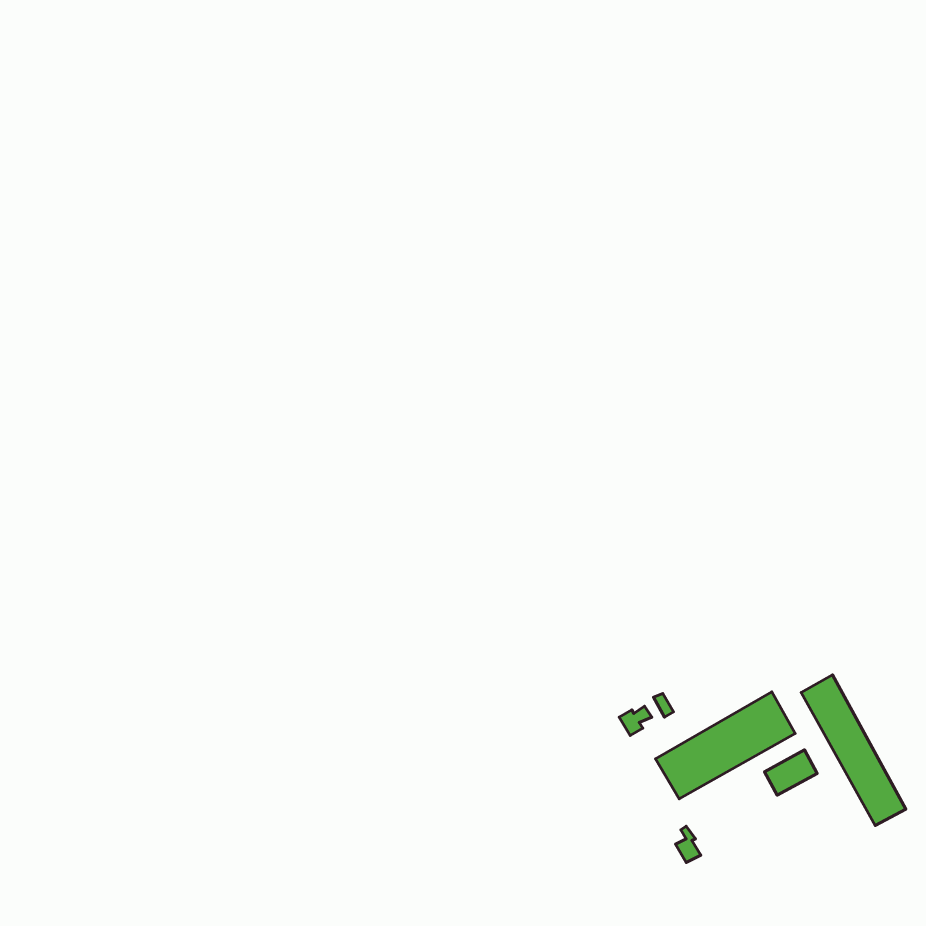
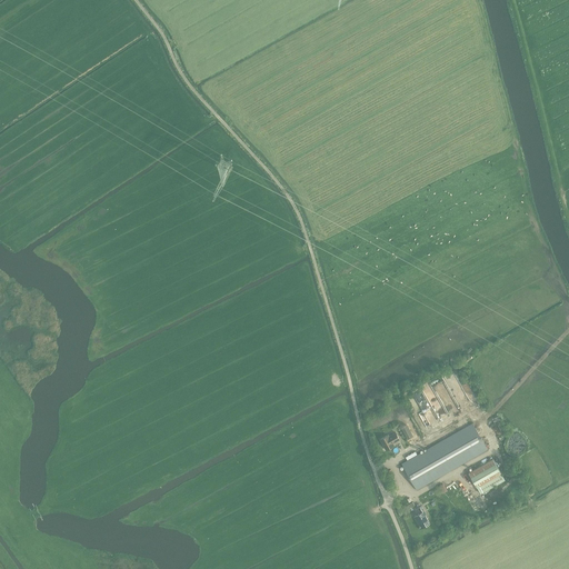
building: [801,675,906,825] -> none

